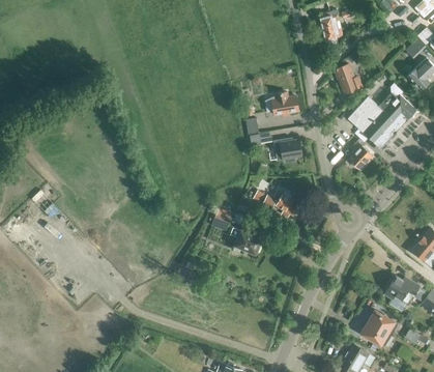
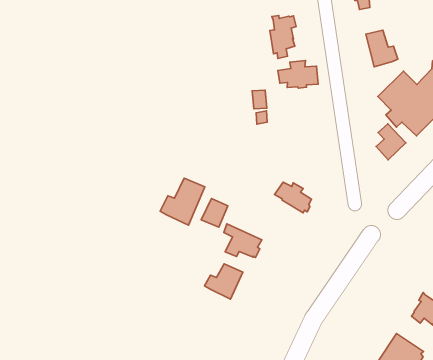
building: none -> [270,16,296,58]
building: [274,138,302,162] -> none
building: none -> [160,178,205,225]
building: none -> [204,264,243,299]

